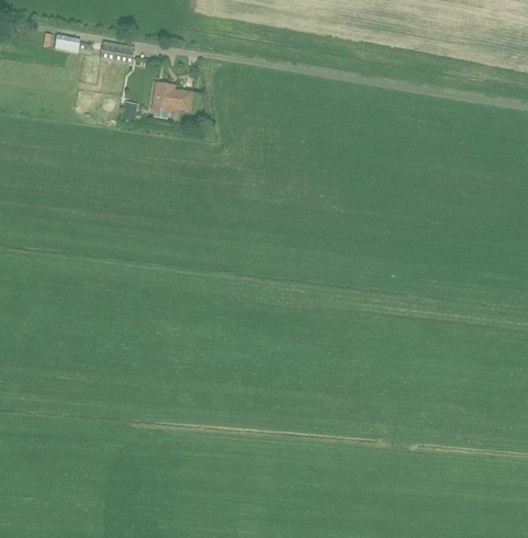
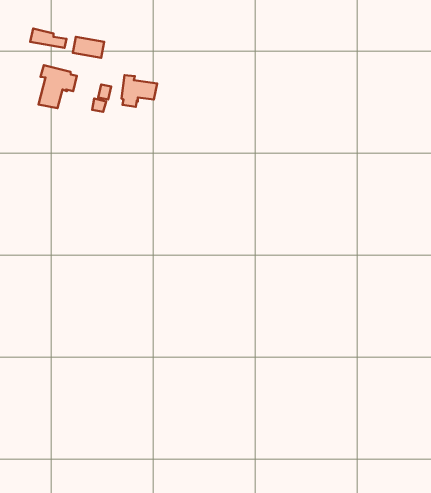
building: none -> [39,65,77,108]

